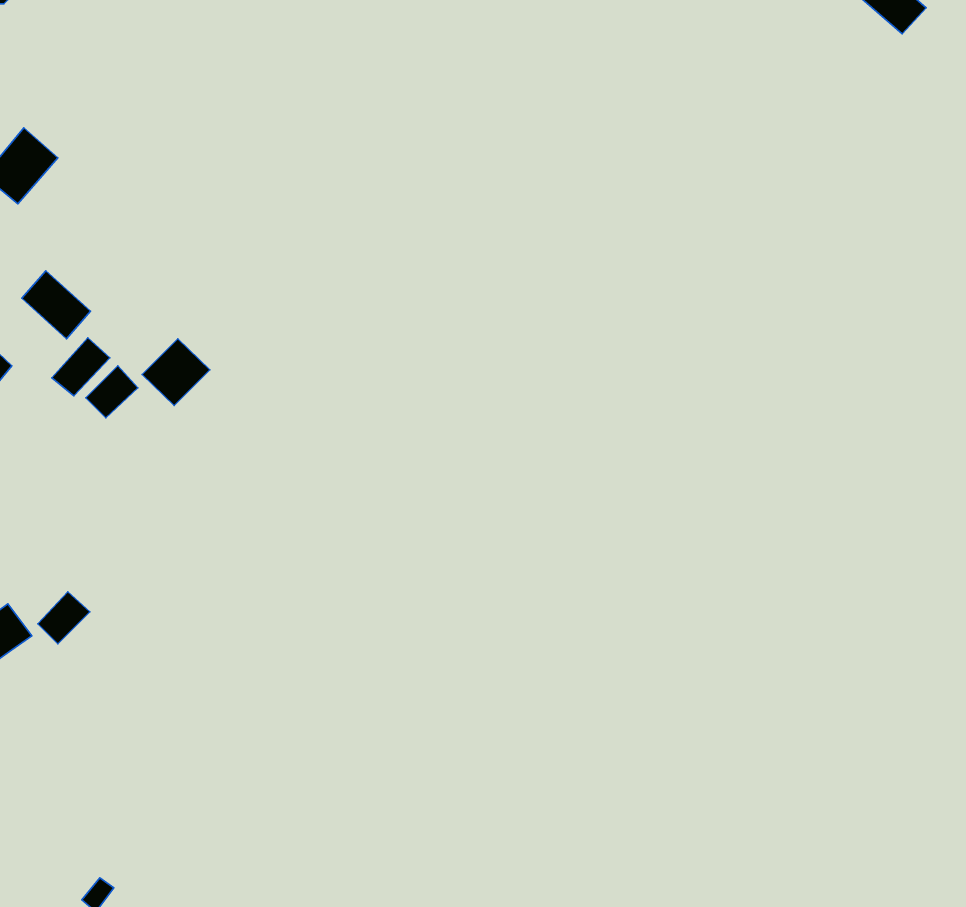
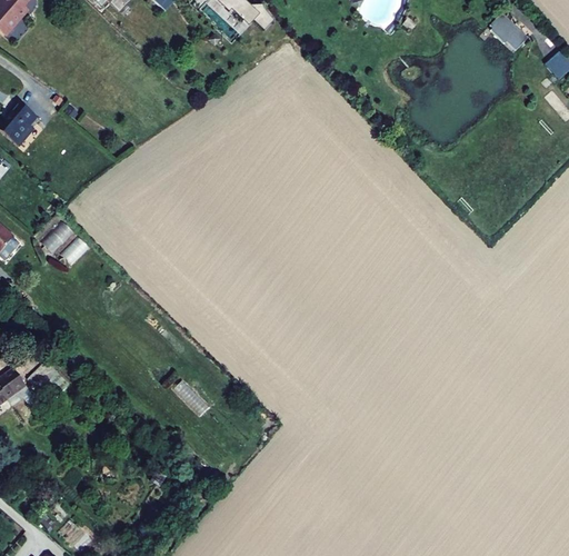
building: [22,271,90,339] -> none
building: [142,339,210,406] -> none

